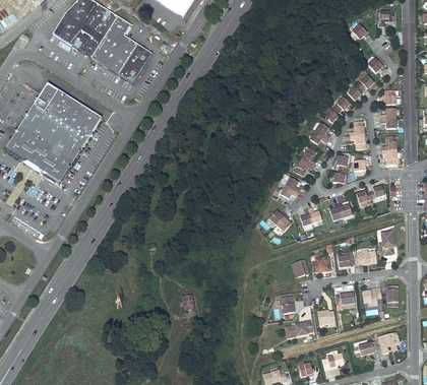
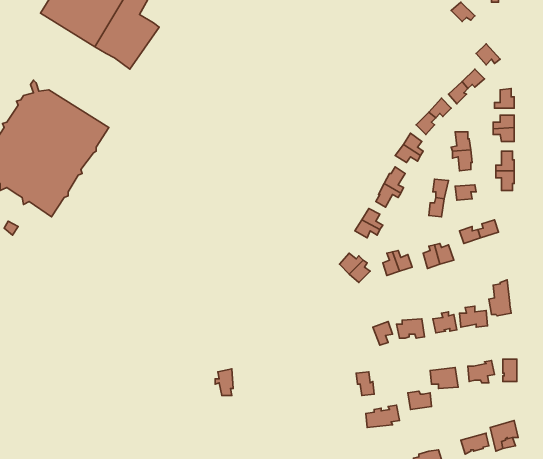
building: [117,44,151,83] -> none

